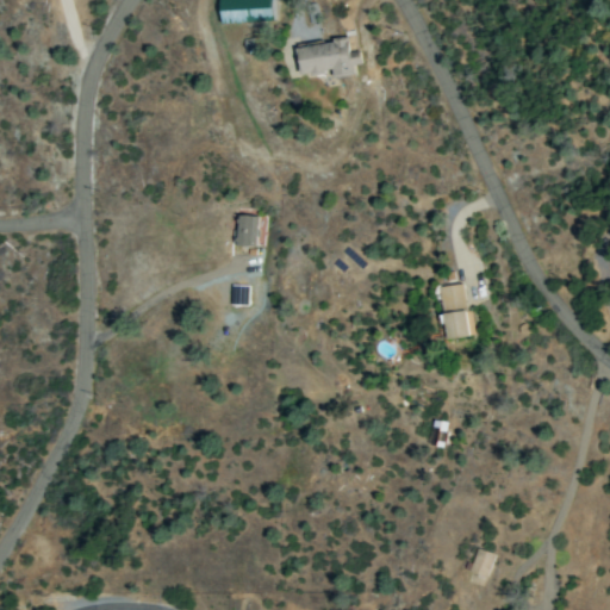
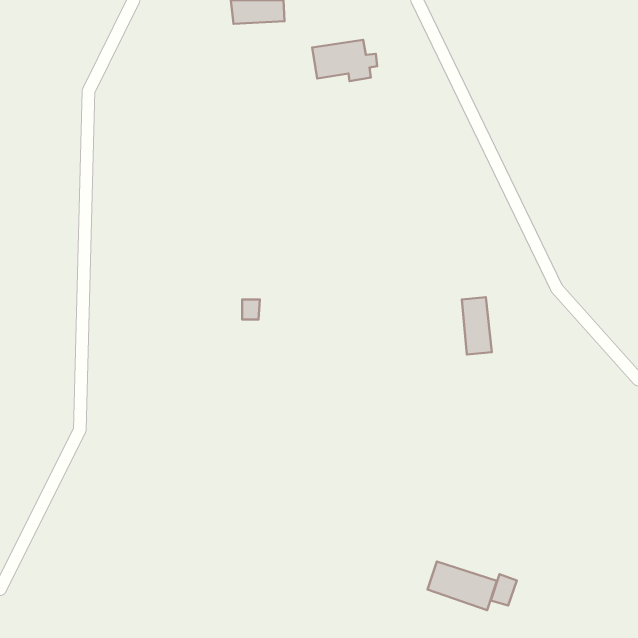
building: [236,216,259,247] -> none
building: none -> [427,562,497,610]

